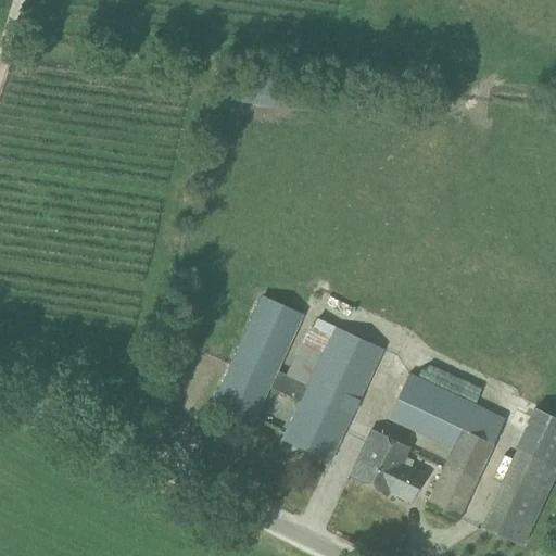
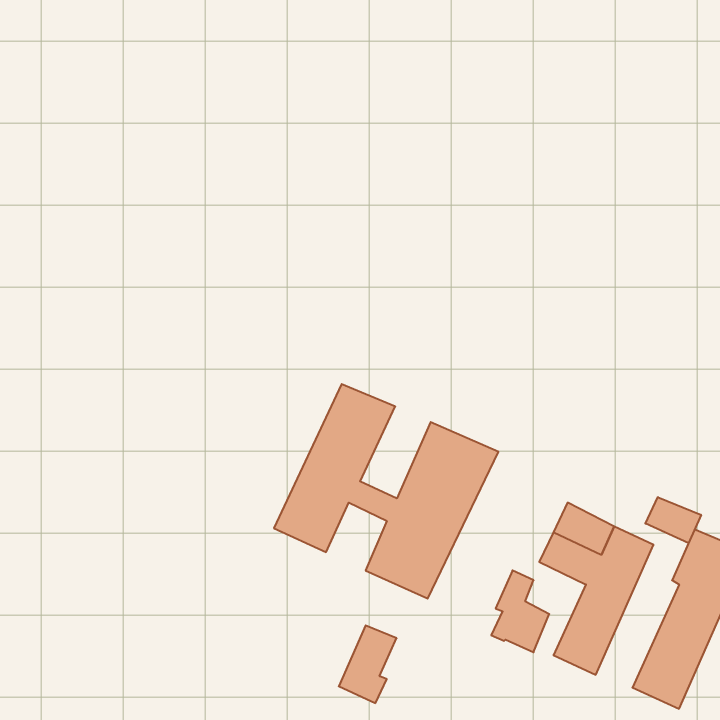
building: [388,374,438,432] -> none
building: none -> [645,497,701,543]
building: [351,429,395,489] -> [339,625,397,703]

